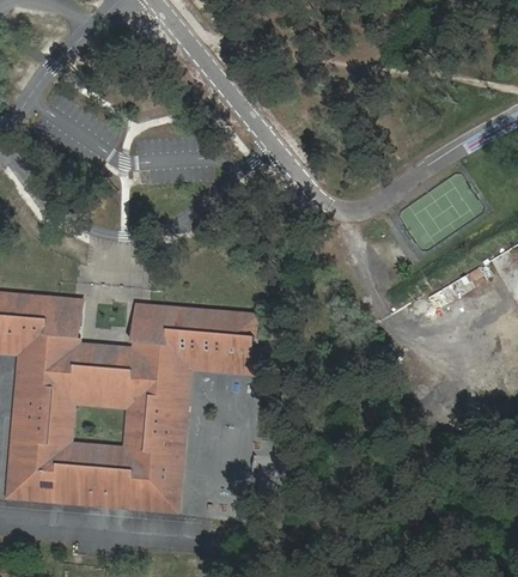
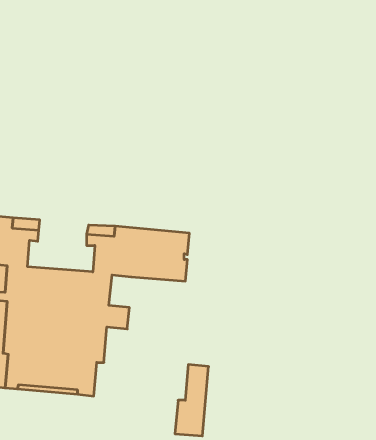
building: [65,324,144,362] -> none
building: [160,365,187,403] -> none
building: [142,426,182,510] -> [175,365,209,436]

